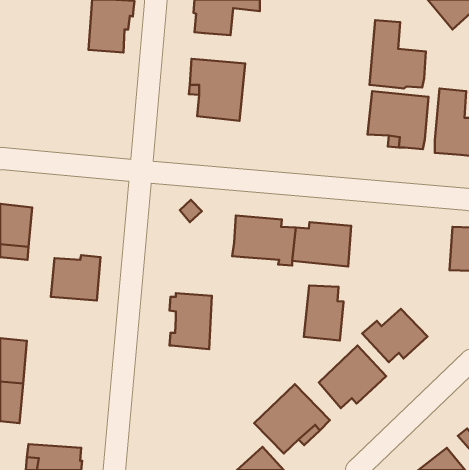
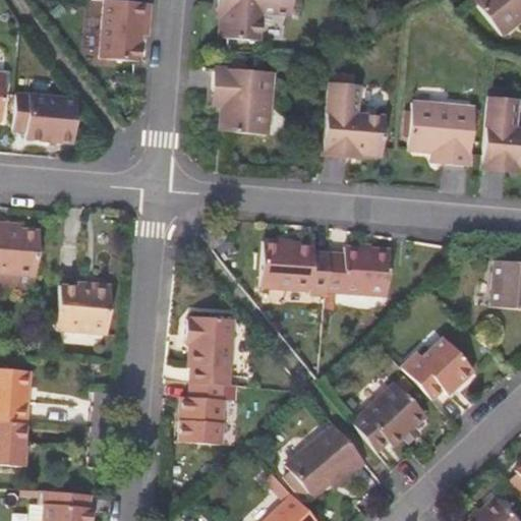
building: [370,20,426,88] -> [324,82,386,158]
building: none -> [14,94,80,143]
building: [304,285,344,340] -> none
building: none -> [180,382,227,445]

